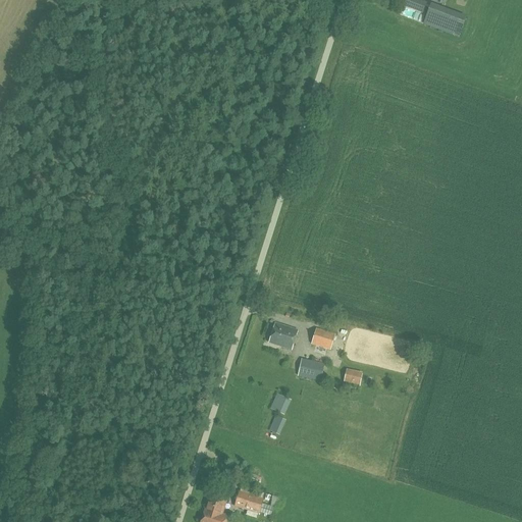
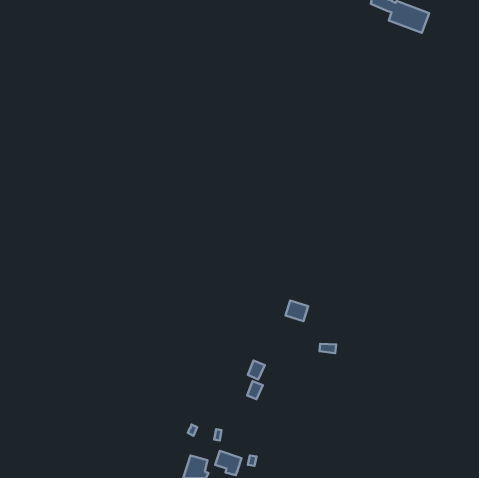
building: [268,321,297,349] -> none
building: [297,357,323,380] -> none

